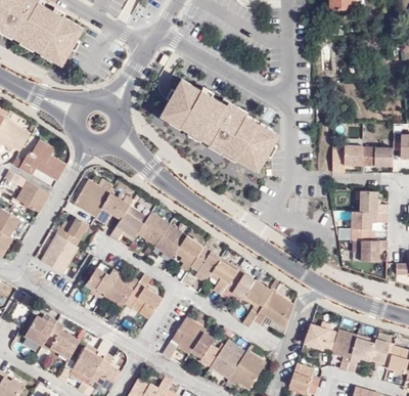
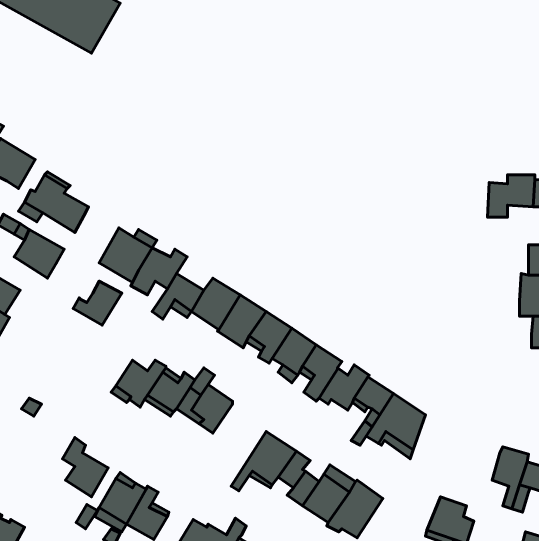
building: [161,80,278,169] -> none
building: [37,234,75,273] -> none
building: [22,316,55,347] -> none
building: [308,323,342,350] -> none

